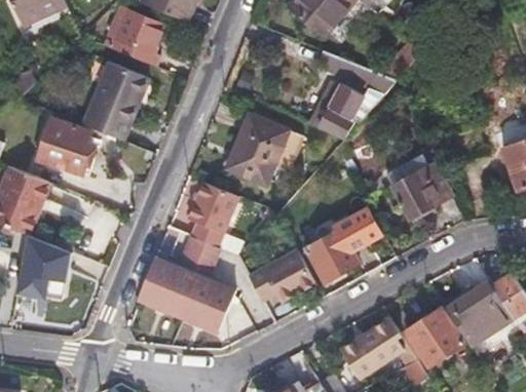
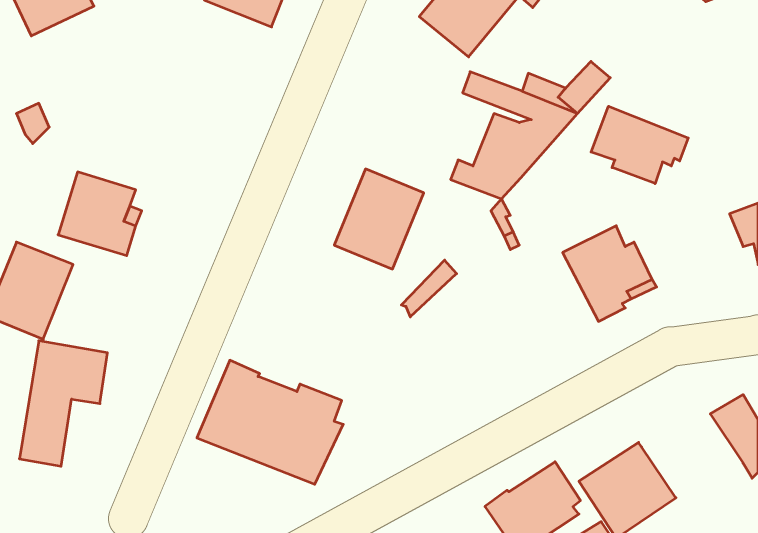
building: [110,11,165,68] -> none
building: [84,64,148,141] -> none
building: none -> [591,106,688,184]
building: [168,172,242,265] -> none
building: [308,206,382,281] -> none
building: [248,245,314,305] -> none
building: [442,280,512,347] -> none

